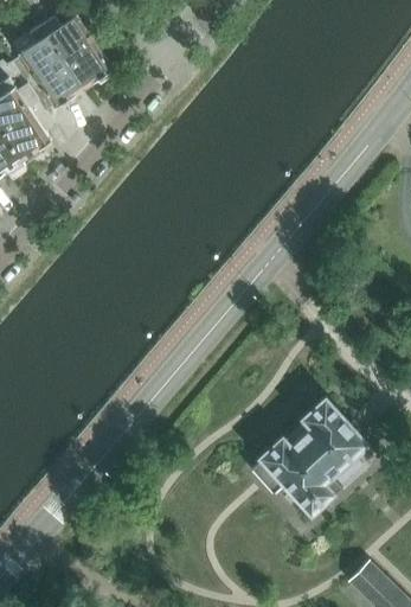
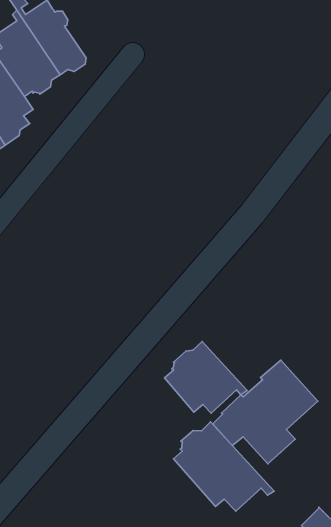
building: none -> [165,341,247,413]
building: none -> [173,422,274,511]

